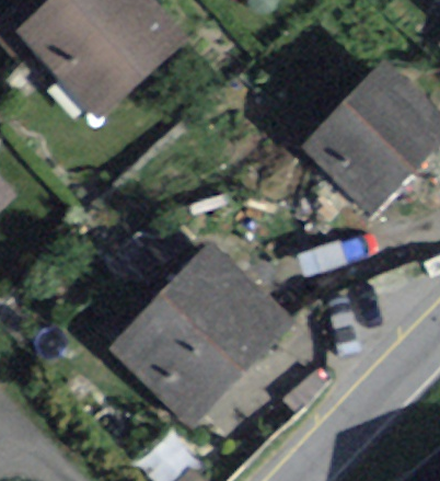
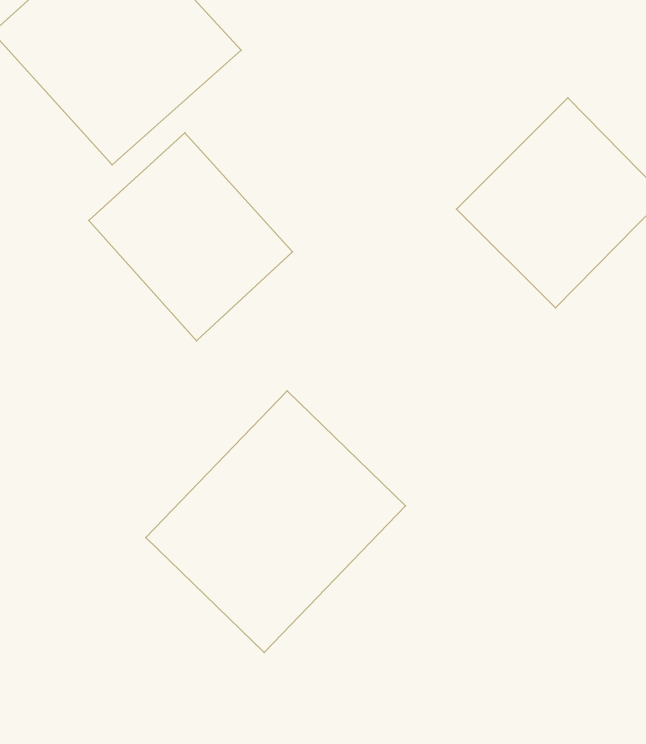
building: none -> [89,133,293,341]

